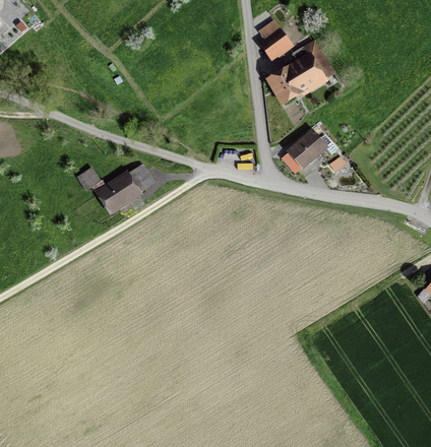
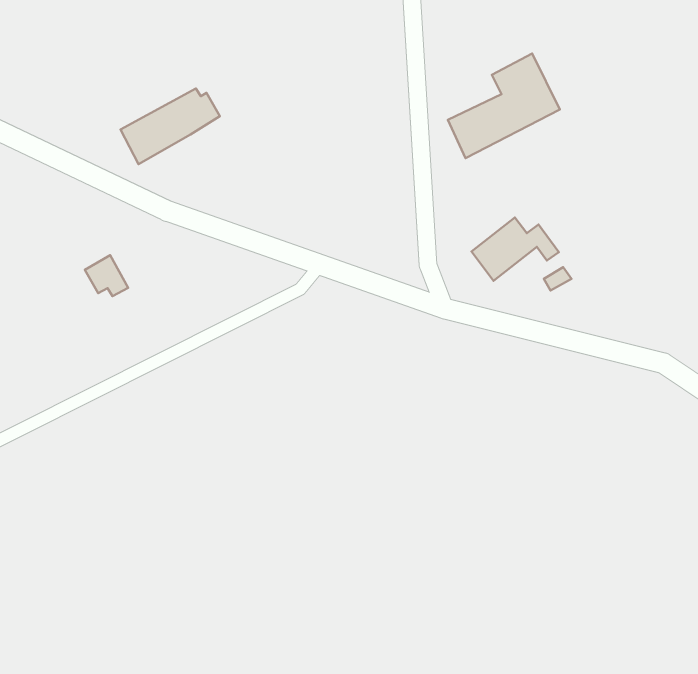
building: [260,27,290,56] -> none
building: [99,167,152,210] -> [121,88,220,164]

